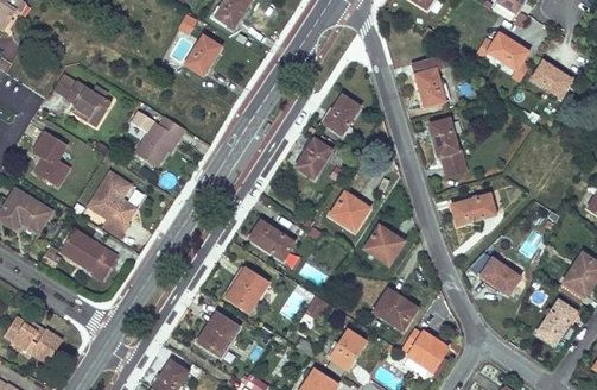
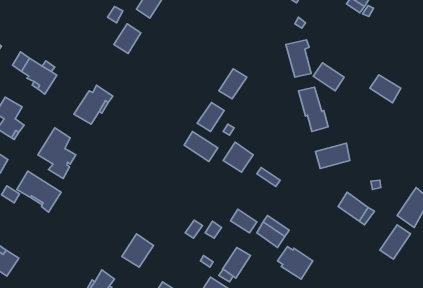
building: [488,31,528,68] -> [313,63,344,91]
building: [531,59,571,96] -> [370,75,401,103]
building: [250,219,294,258] -> [184,132,218,161]
building: [364,232,399,263] -> [231,209,257,233]
building: [226,266,267,310] -> none

